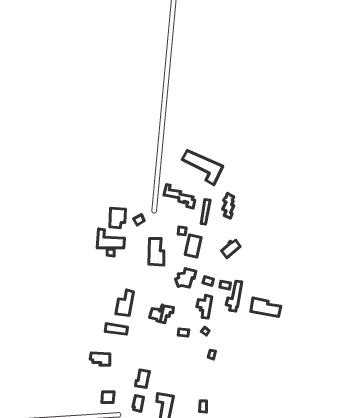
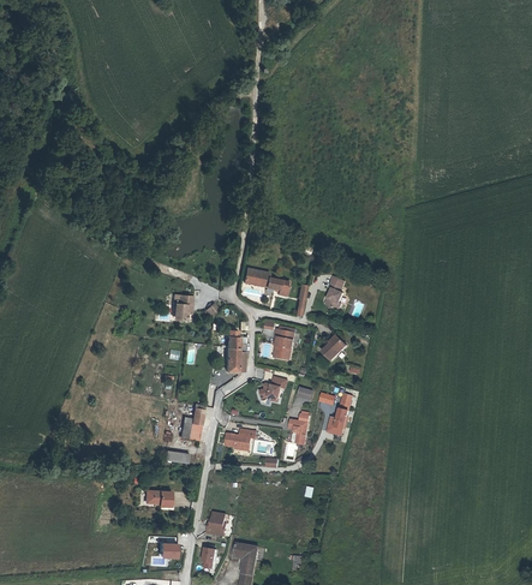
building: [182,150,223,185] -> none
building: [97,229,125,248] -> none
building: [251,298,281,317] -> none

